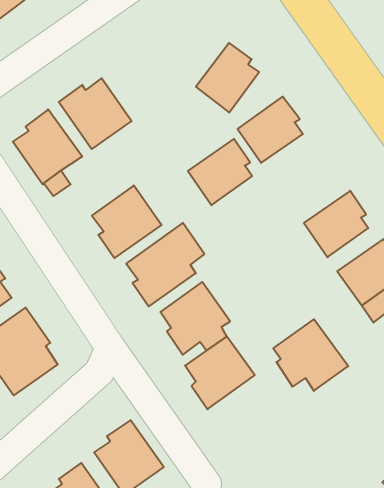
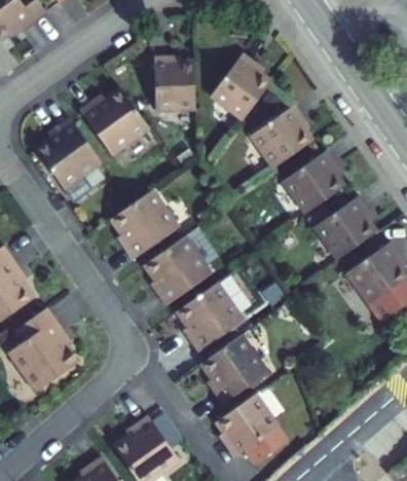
building: none -> [152,55,194,110]
building: [188,139,252,205] -> [282,150,343,214]
building: [273,319,348,391] -> [215,394,287,462]

